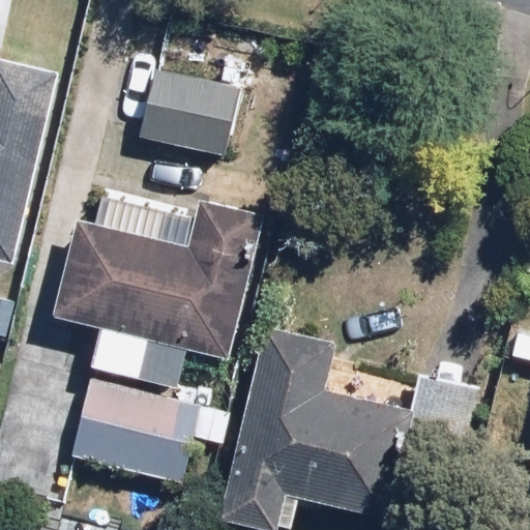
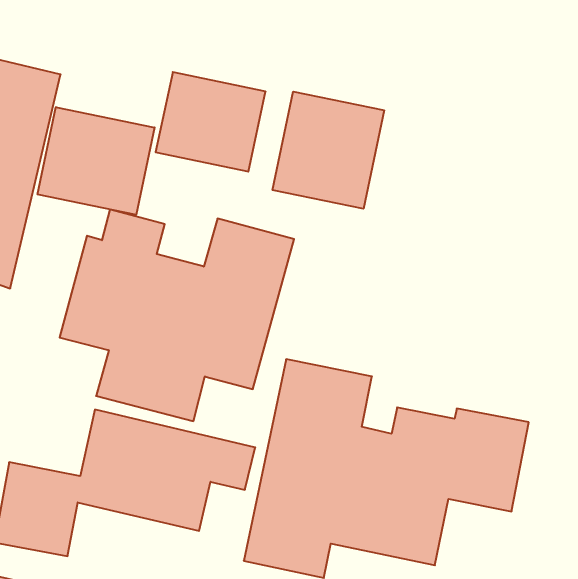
building: none -> [273,92,384,209]
building: none -> [38,107,155,215]

